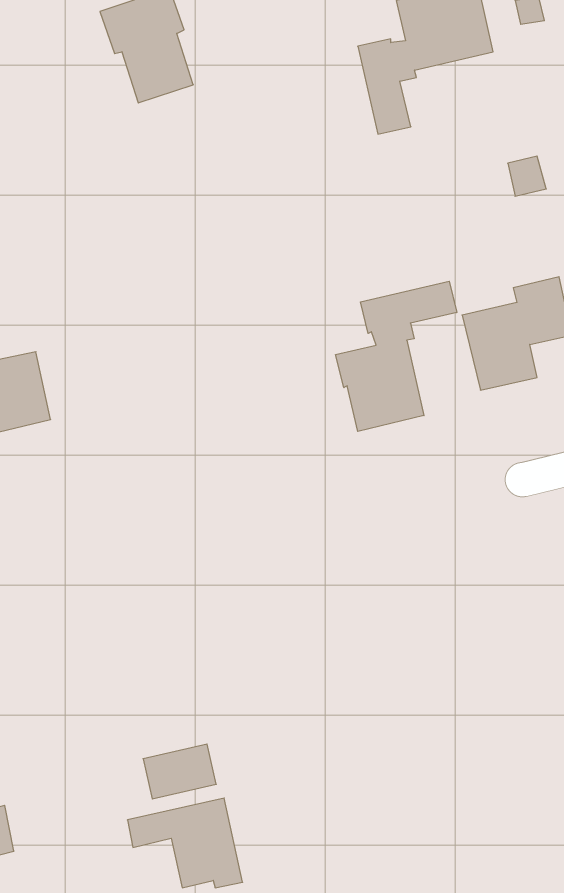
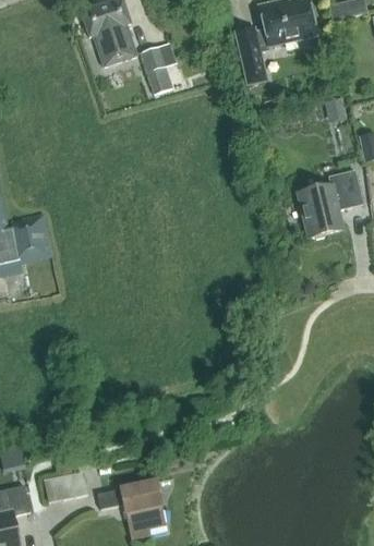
building: none -> [141,43,177,99]
building: [336,281,457,431] -> none
building: [143,744,216,799] -> [44,471,87,503]

